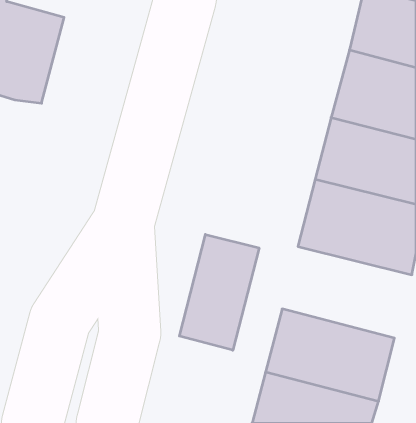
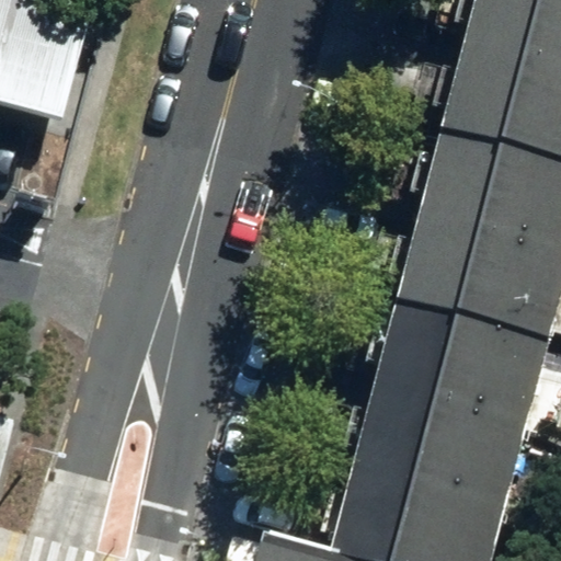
building: [179,234,259,350] -> none
building: none -> [371,324,542,445]

